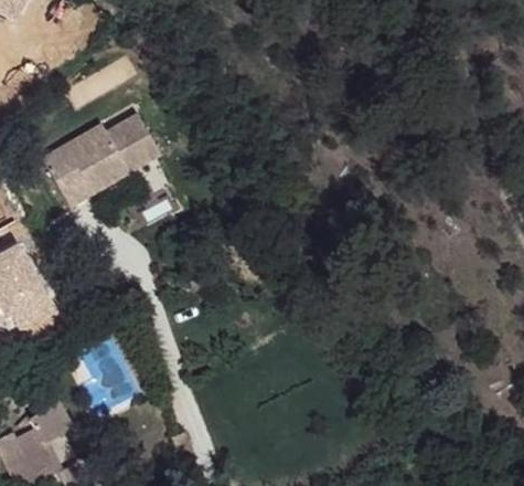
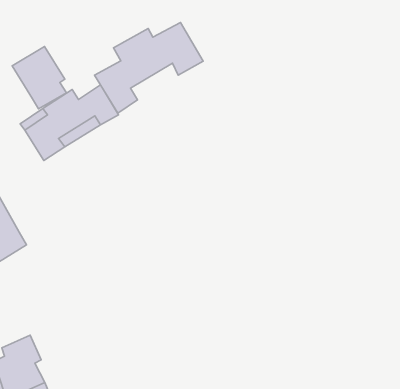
building: none -> [95,22,203,113]
building: none -> [12,46,67,109]

